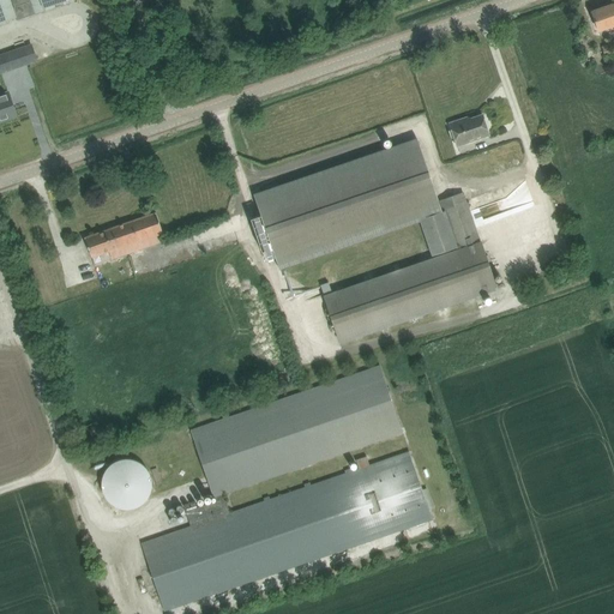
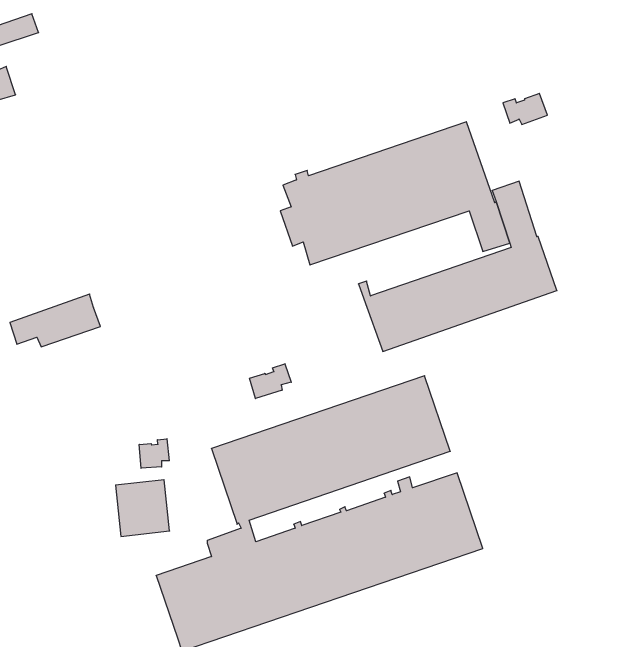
building: [84,212,164,259] -> [10,294,100,347]
building: none -> [249,364,291,399]
building: none -> [139,439,169,468]

